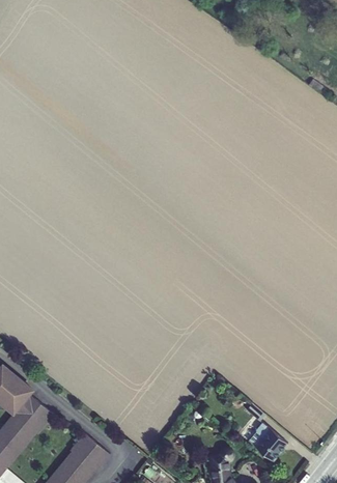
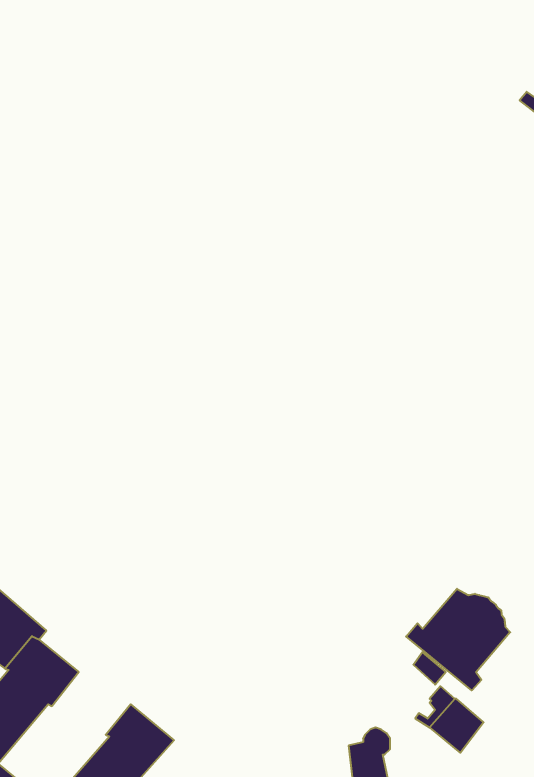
building: none -> [406,589,510,690]

